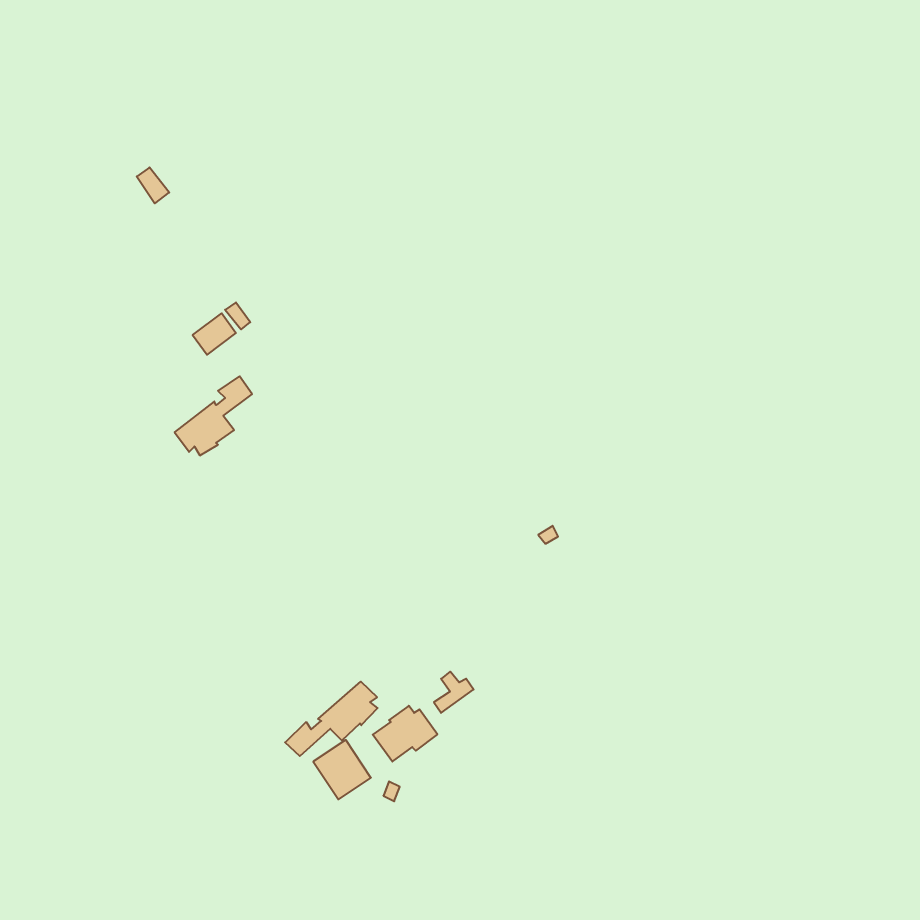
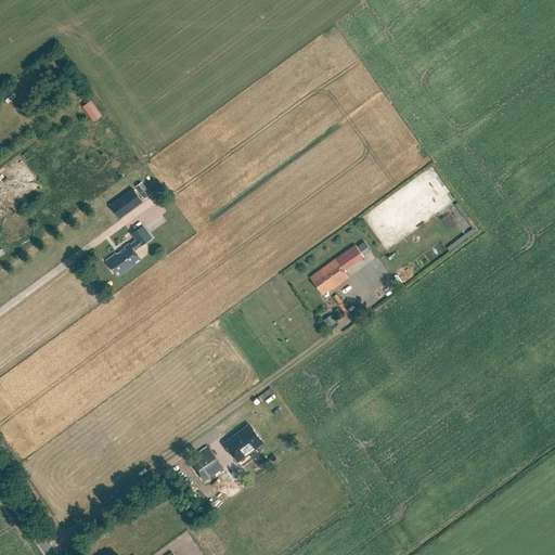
building: none -> [310,245,363,294]
building: [285,682,378,756] -> none

